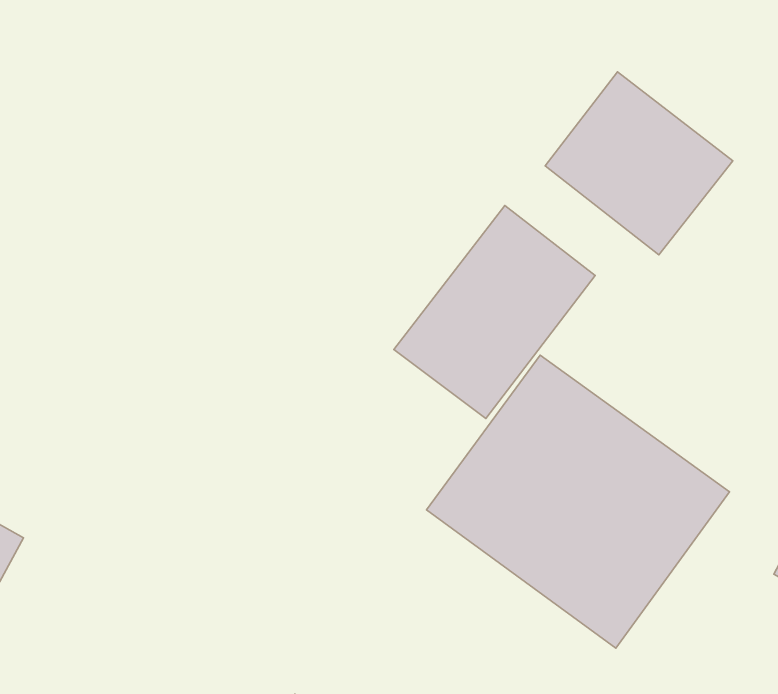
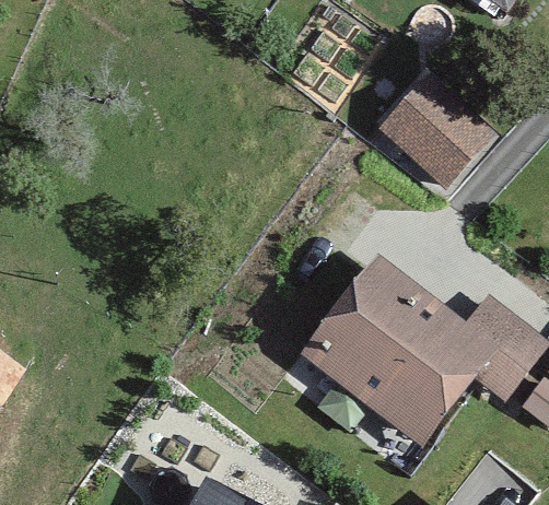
building: [394,206,595,418] -> none

